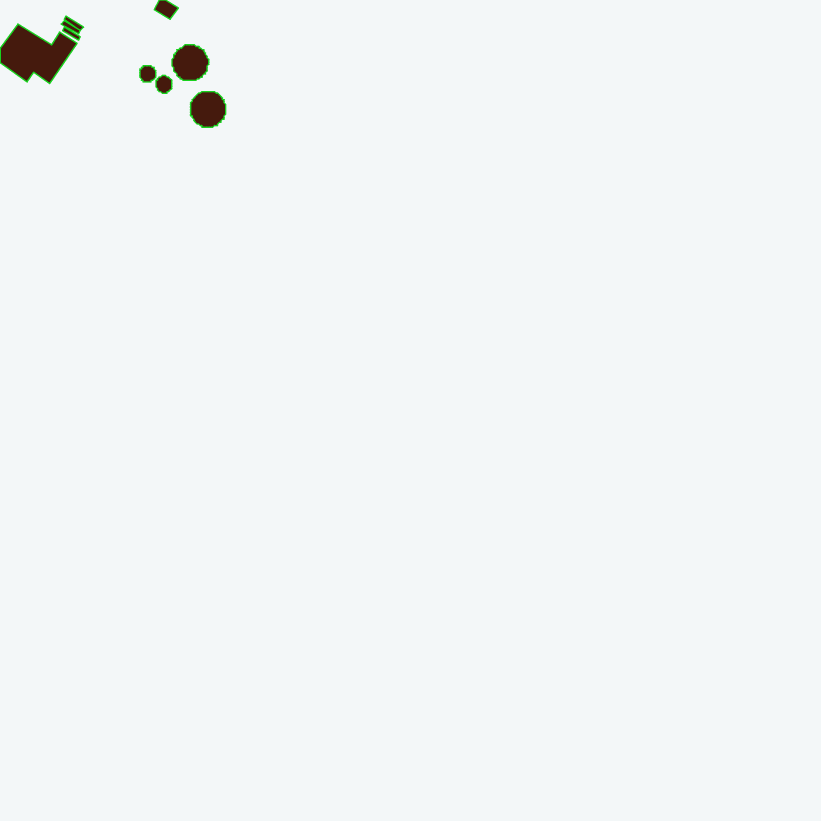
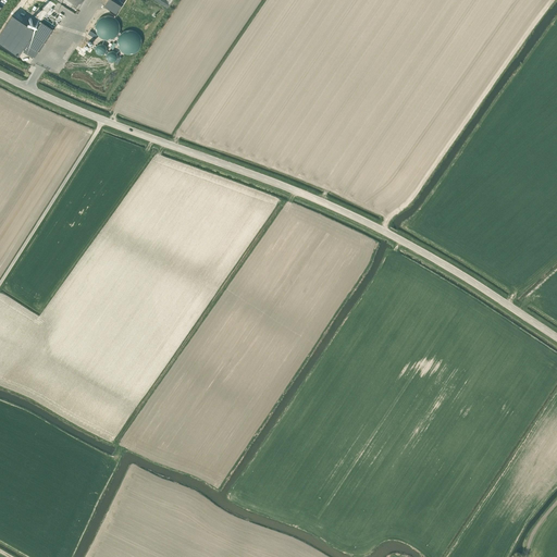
building: [190,92,226,127] -> [95,16,119,40]

